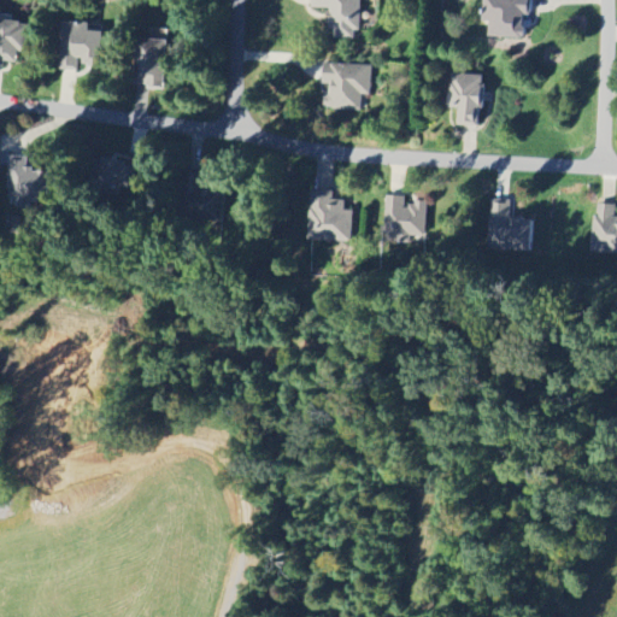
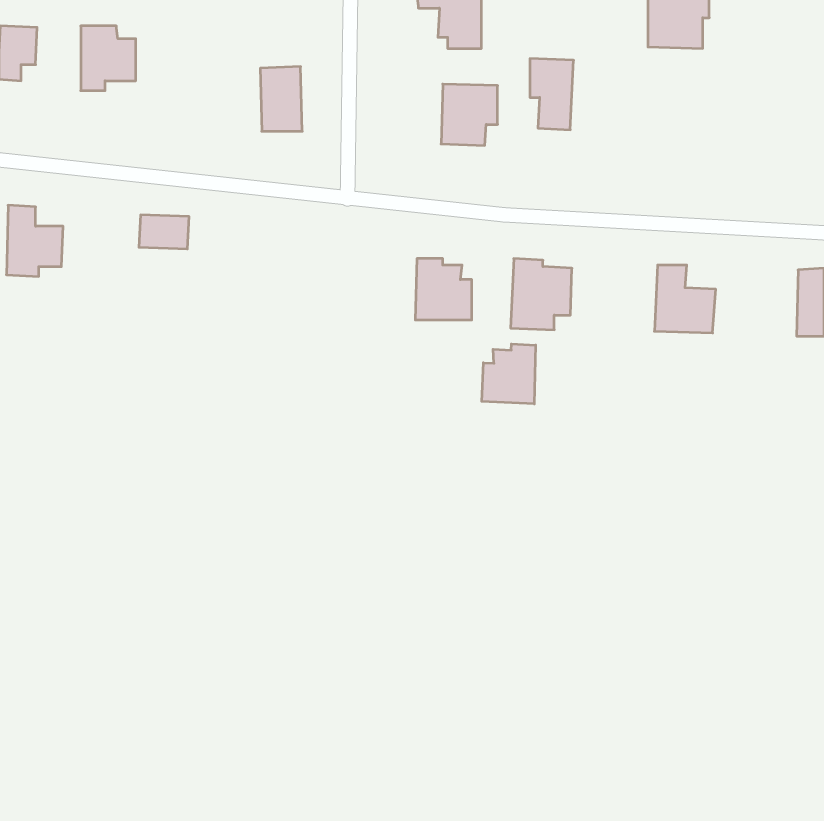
building: [135,36,166,84] -> [260,67,302,131]
building: [451,71,483,124] -> [530,59,574,130]
building: none -> [482,344,536,404]

